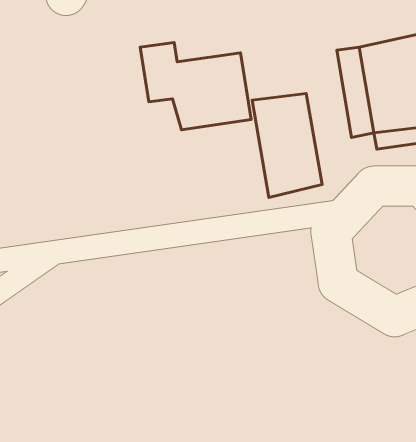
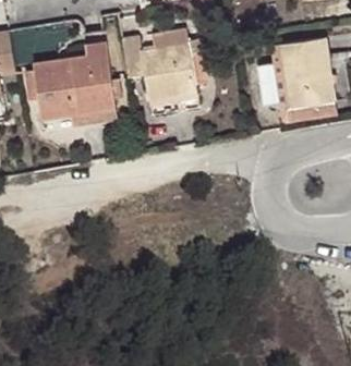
building: none -> [32,46,118,124]
building: [252,94,322,197] -> none

